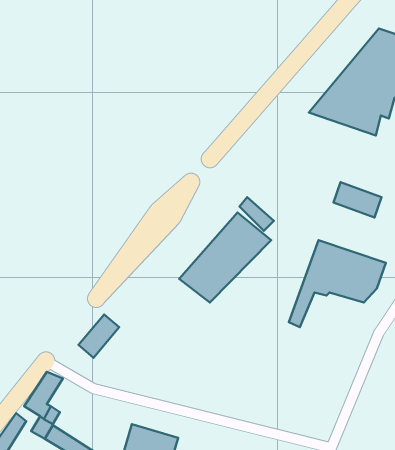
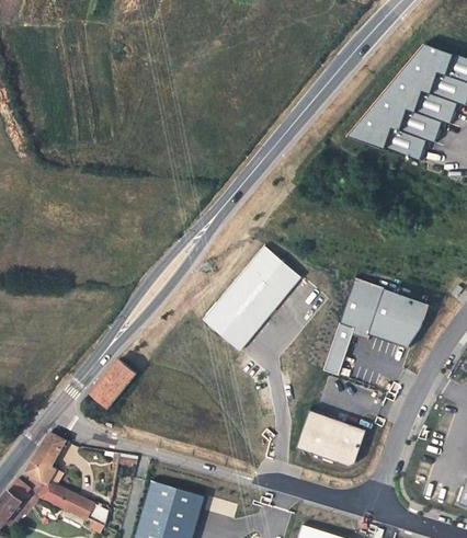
building: [334,182,382,217] -> none
building: [240,197,274,231] -> none
building: none -> [296,413,367,466]

